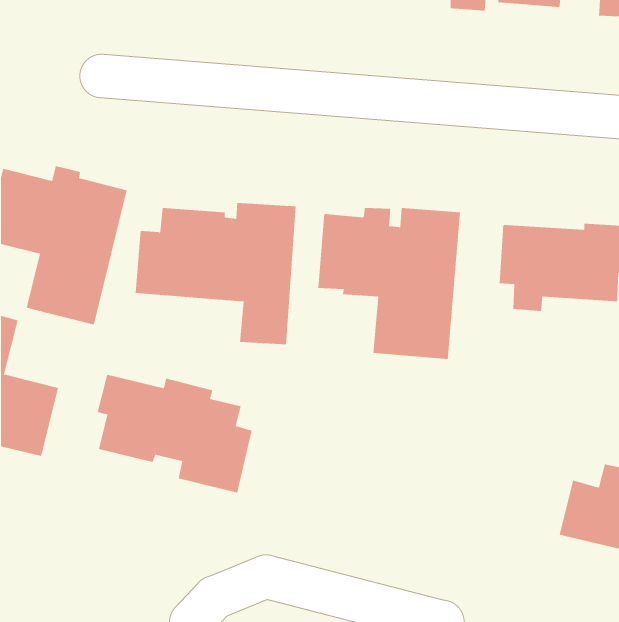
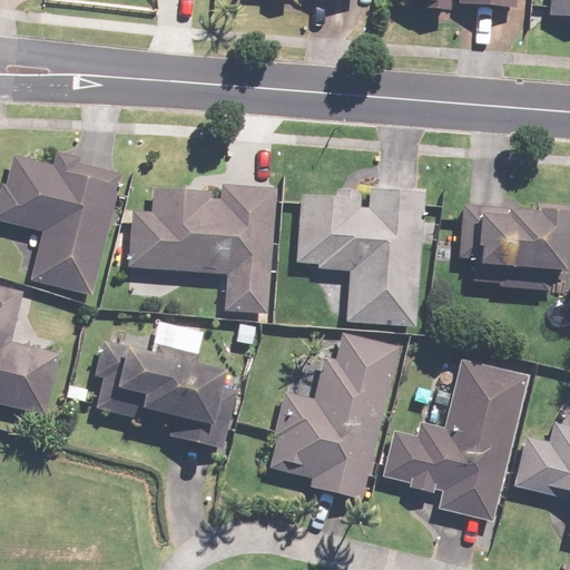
building: none -> [271,332,399,499]
building: none -> [383,358,529,521]

